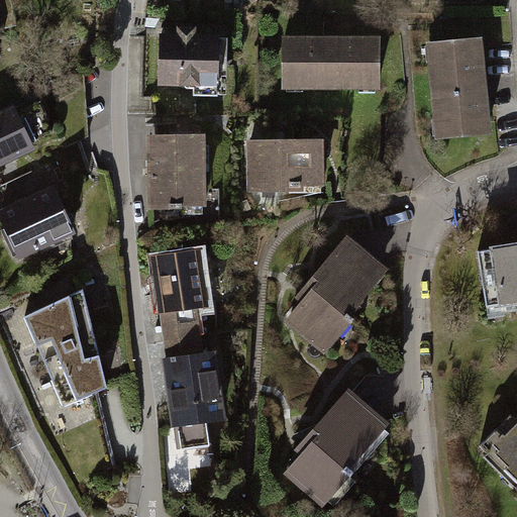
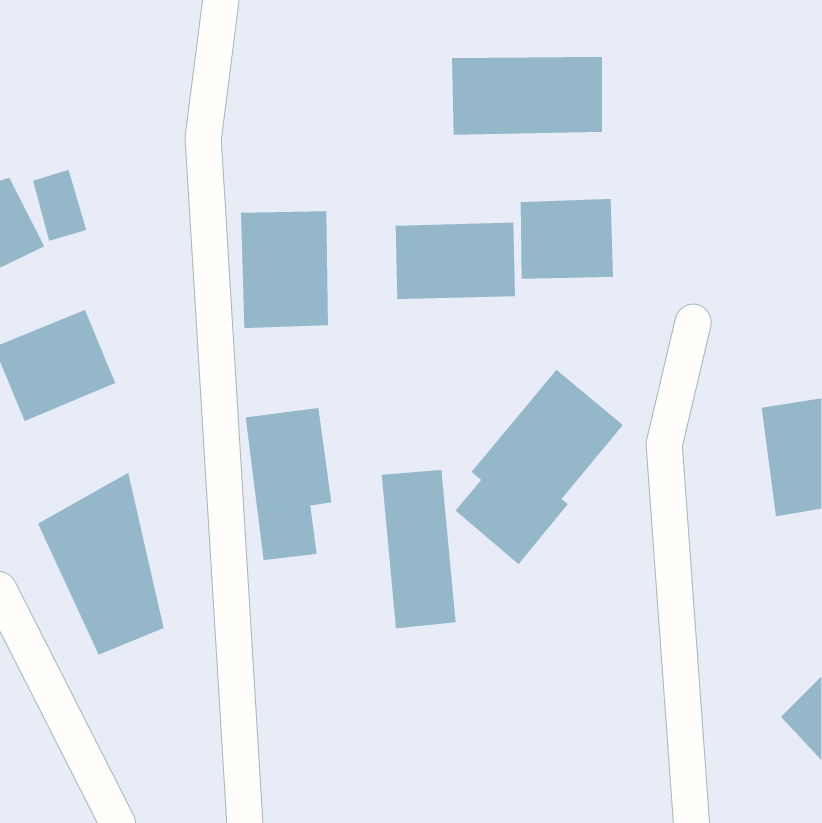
building: [157,34,226,90] -> none
building: [428,34,491,137] -> none
building: none -> [520,198,614,279]
building: [166,364,213,463] -> [381,470,457,629]
building: [282,387,390,508] -> none

